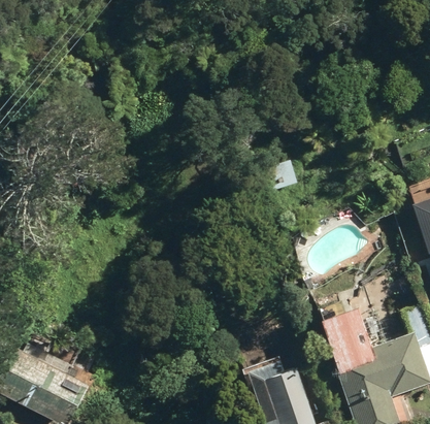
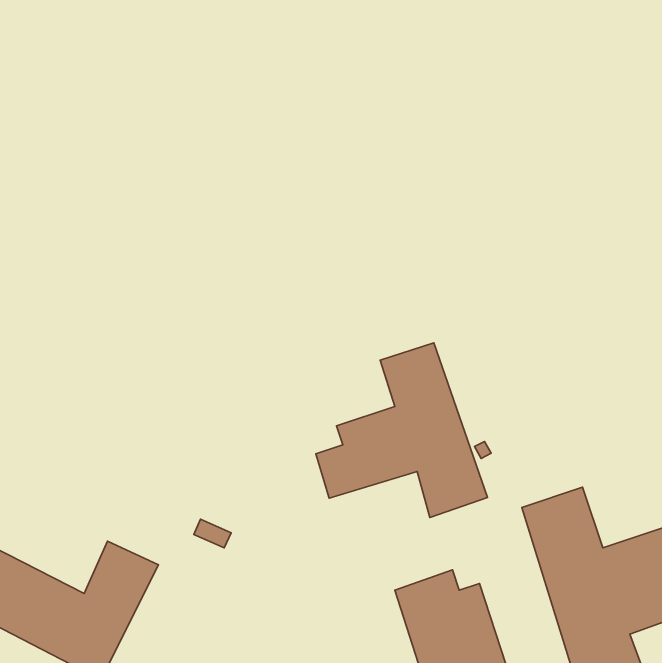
building: none -> [316,343,487,518]

